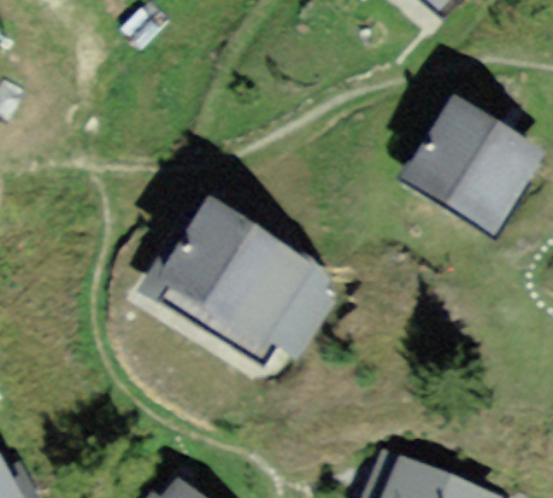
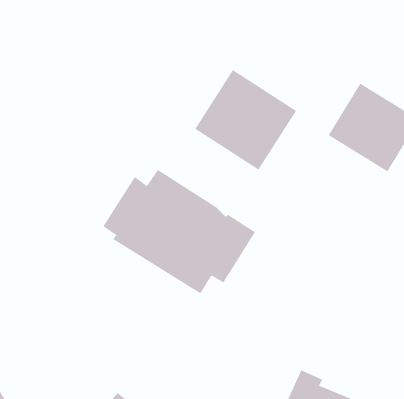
building: none -> [194,69,297,170]

